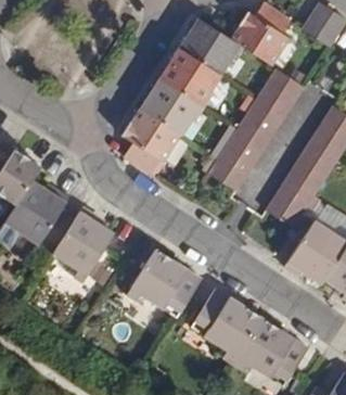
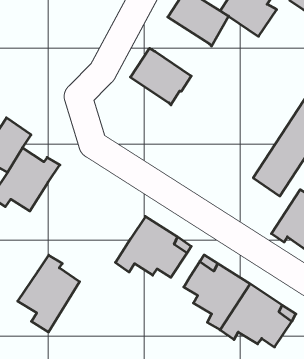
building: [157,47,220,106] -> none
building: [208,69,303,191] -> none
building: [120,107,179,173] -> none
building: [50,206,113,284] -> [18,255,80,332]

